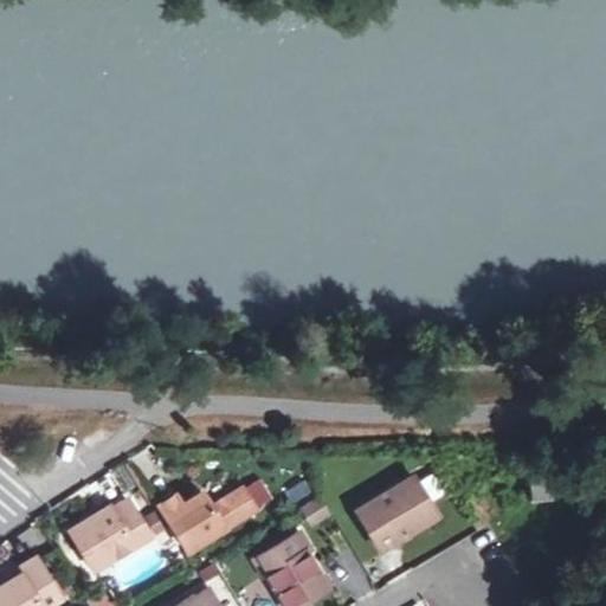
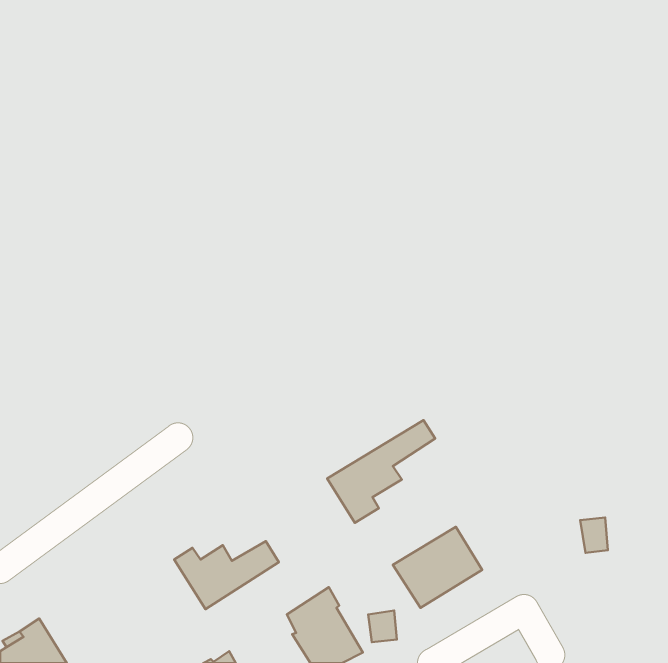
building: none -> [327,420,435,523]
building: [71,499,148,570] -> none

